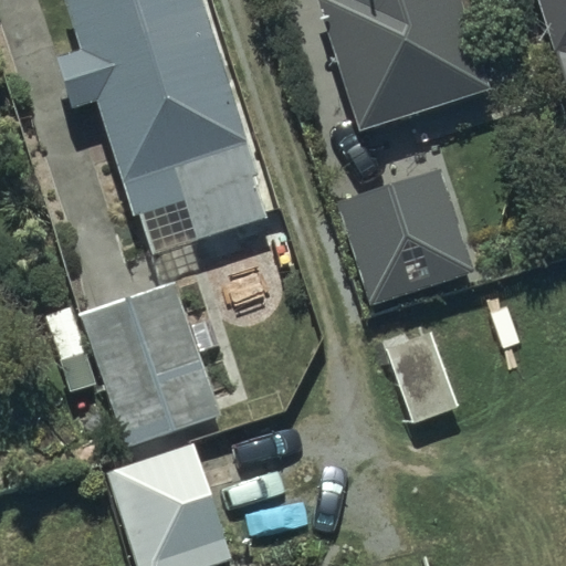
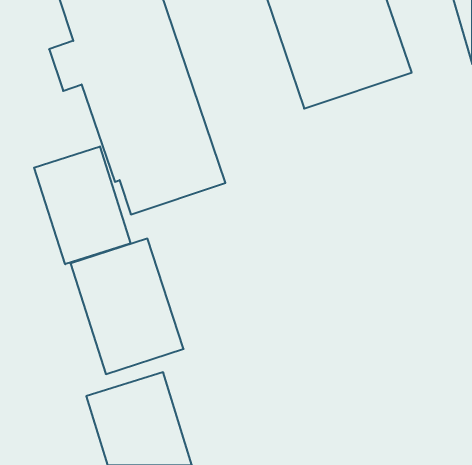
building: [338,170,473,304] -> none
building: none -> [34,146,131,264]

